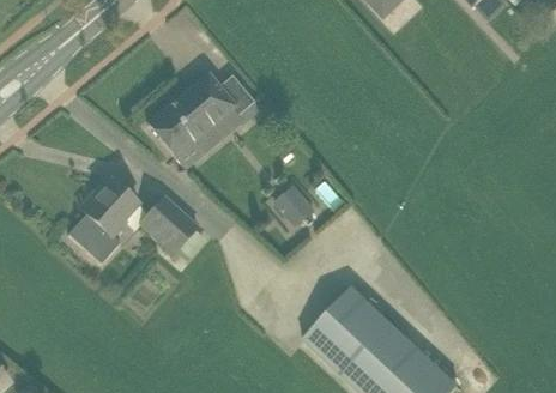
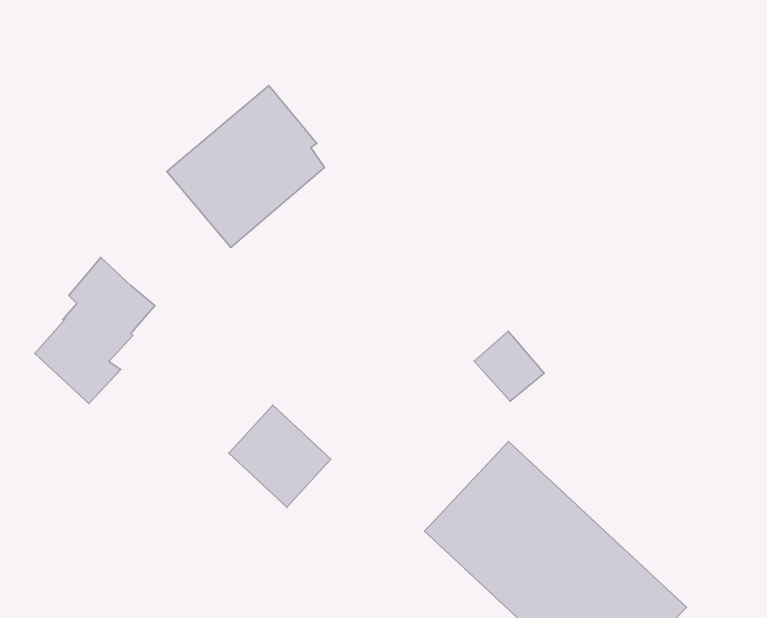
building: [272,182,314,224] -> [474,331,544,401]
building: [138,193,199,254] -> [229,405,331,507]

